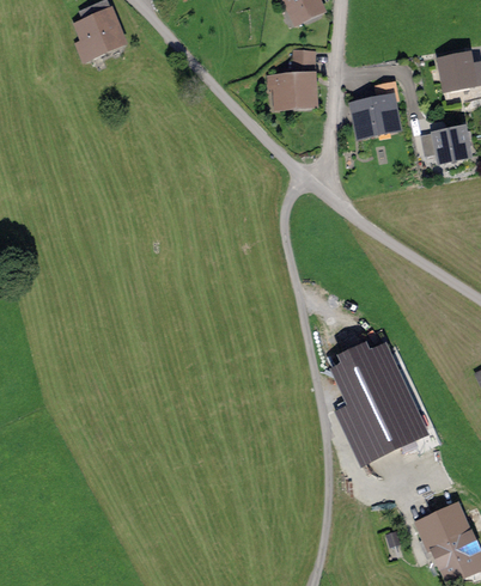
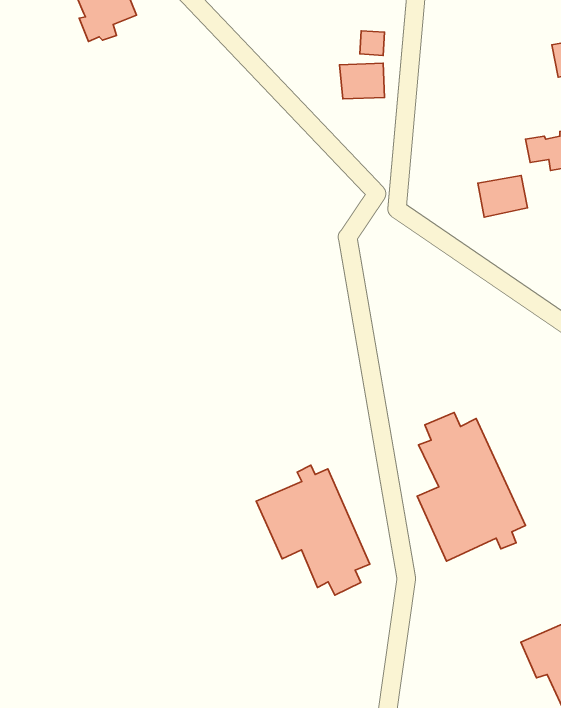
building: [358,100,396,133] -> [478,175,527,217]
building: none -> [256,465,370,595]

